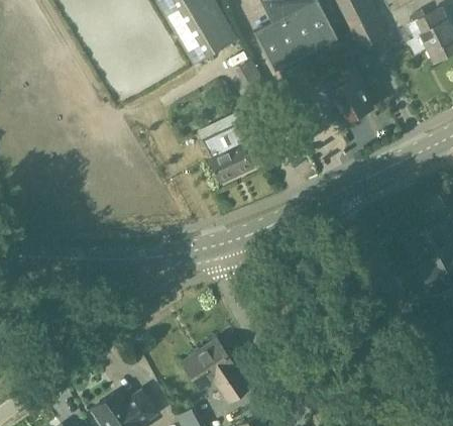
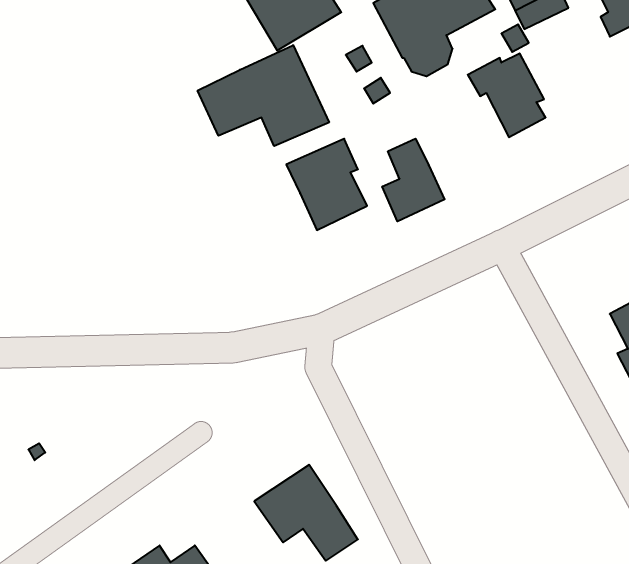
building: none -> [198,45,329,146]
building: none -> [382,139,445,221]

